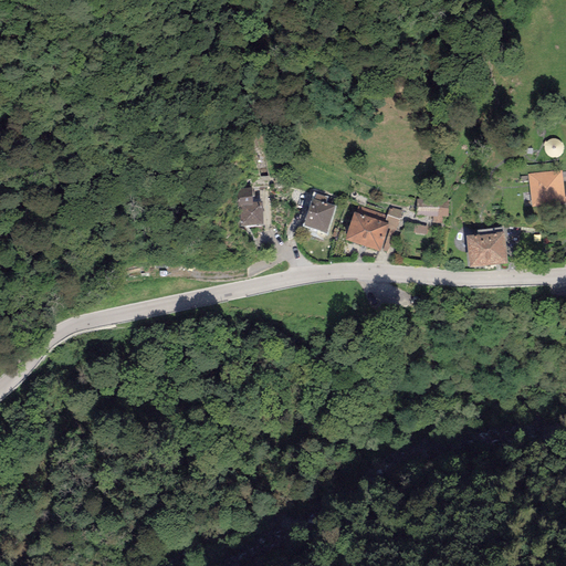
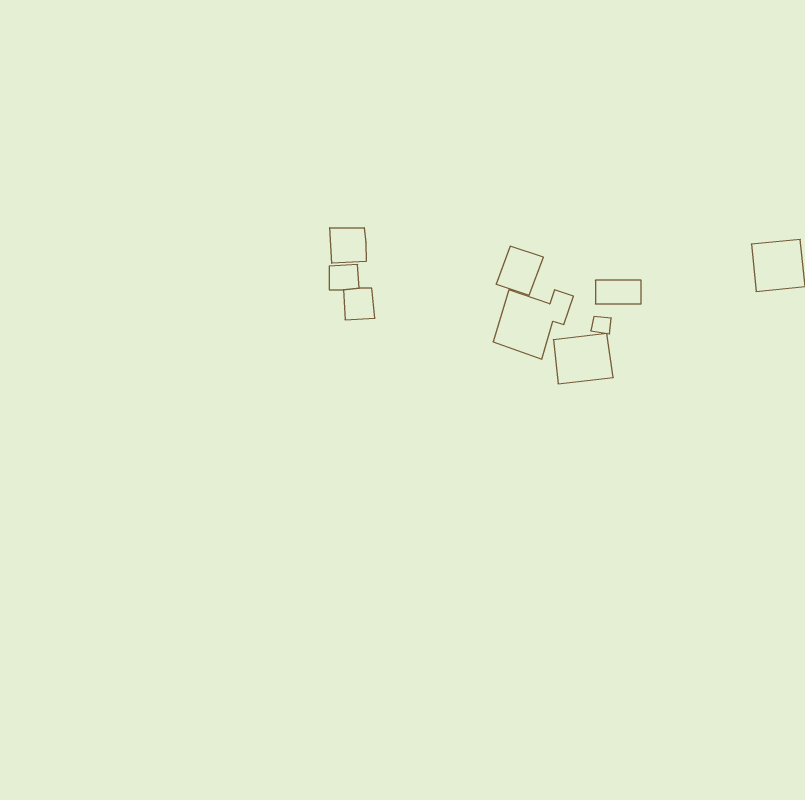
building: none -> [330,228,366,263]
building: [303,199,336,233] -> [496,246,543,295]
building: [465,232,507,268] -> [553,333,613,384]

